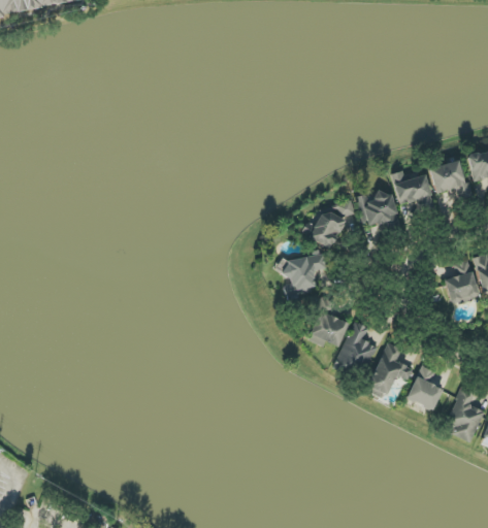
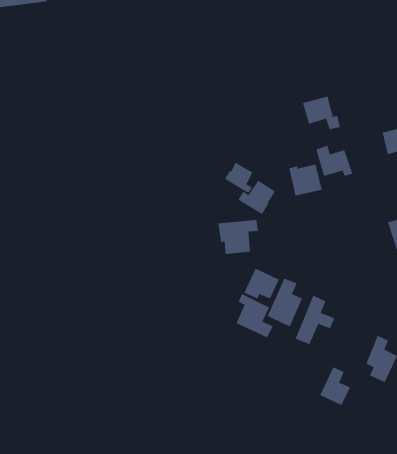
building: [428,159,473,198] -> [302,96,341,130]
building: none -> [224,162,253,194]
building: [445,258,479,304] -> none
building: none -> [236,293,274,338]
building: [406,364,443,409] -> [319,367,351,406]

